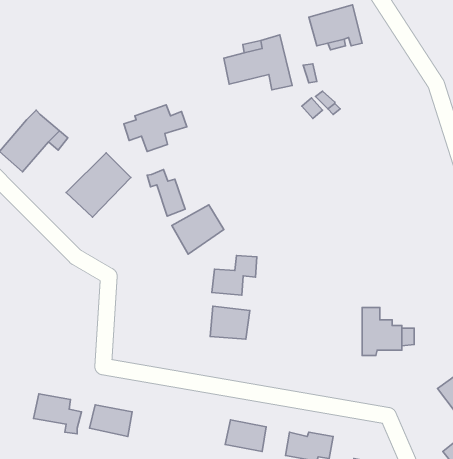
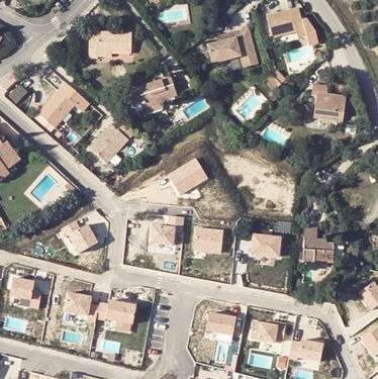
building: none -> [86,25,127,57]
building: none -> [311,84,346,123]
building: [147,169,185,216] -> none
building: [212,255,257,295] -> [151,216,184,246]
building: none -> [62,221,97,254]
building: none -> [252,235,280,257]

